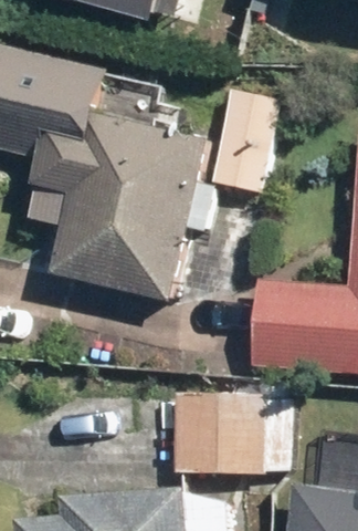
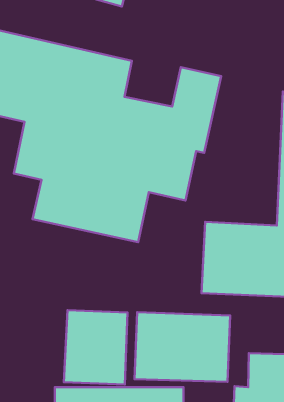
building: none -> [64,310,128,385]

